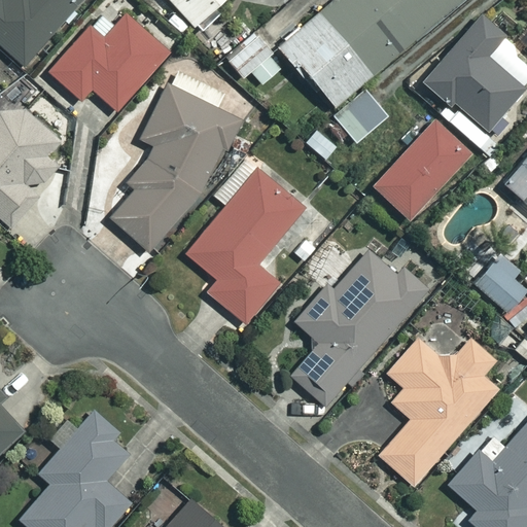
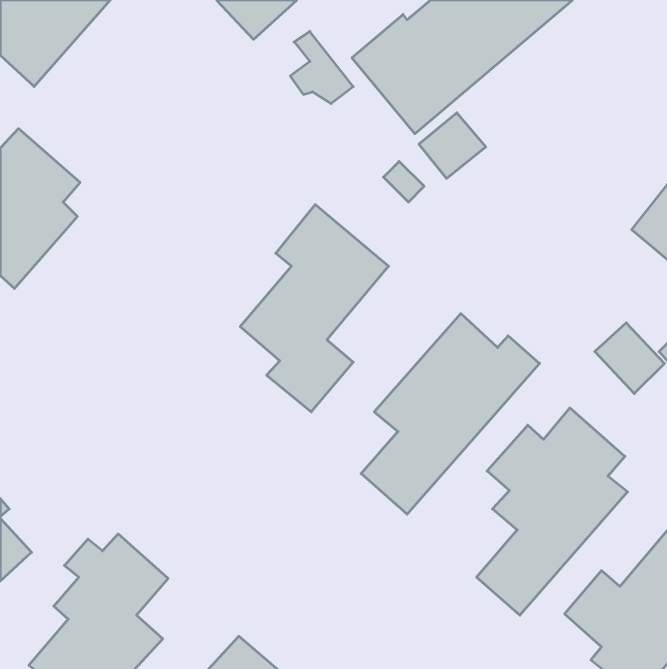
building: [417,11,522,152] -> none
building: [55,16,176,113] -> none
building: [116,87,255,255] -> none
building: [368,118,465,217] -> none

